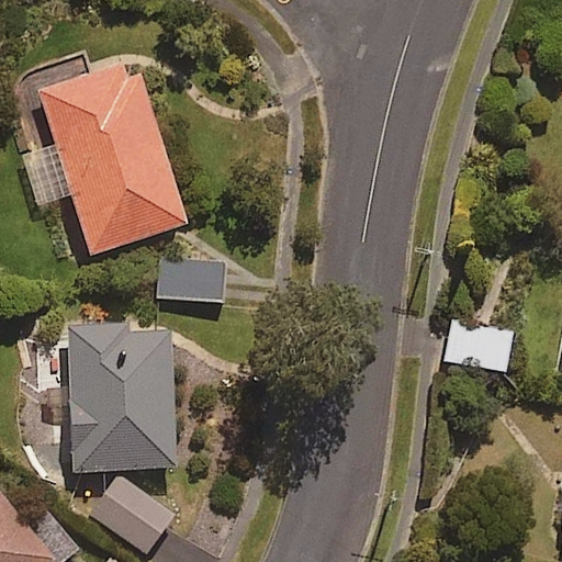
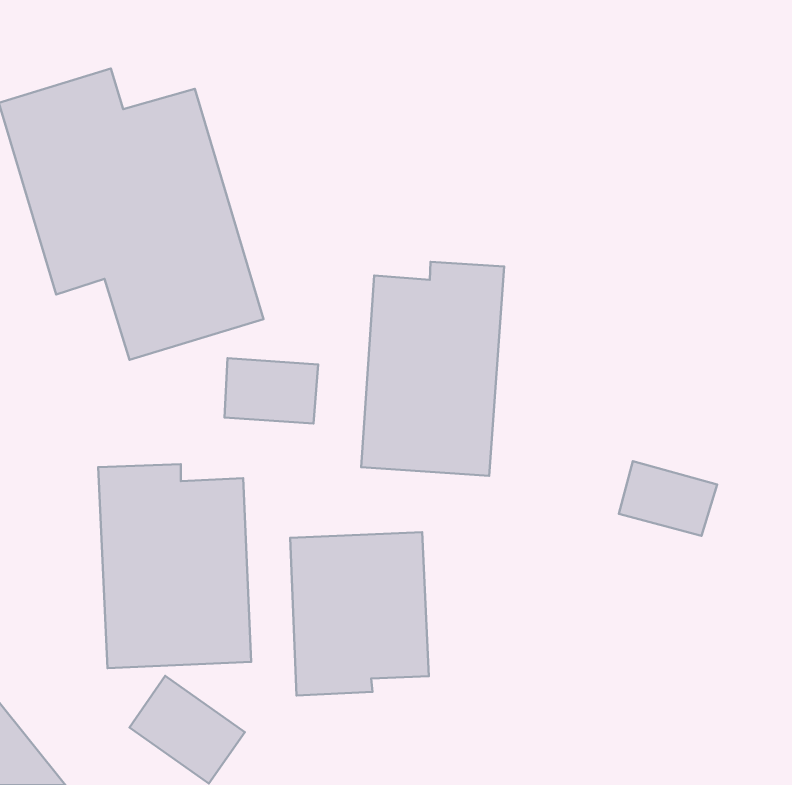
building: none -> [361,262,504,476]
building: none -> [290,532,429,696]

